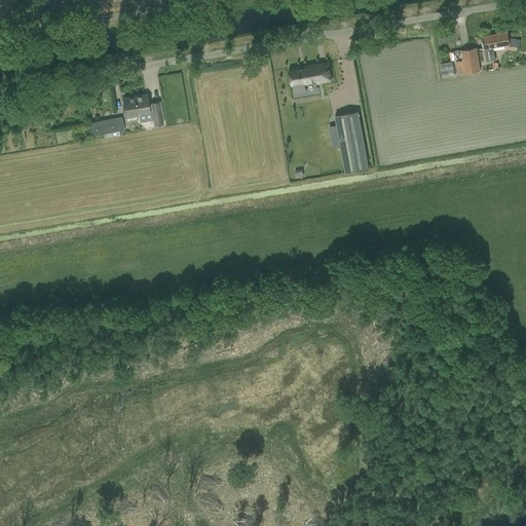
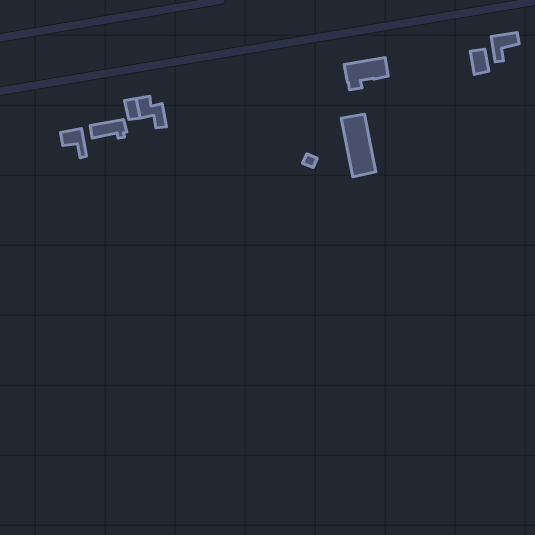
building: [288,62,331,93] -> [344,57,388,90]
building: none -> [61,128,87,158]

